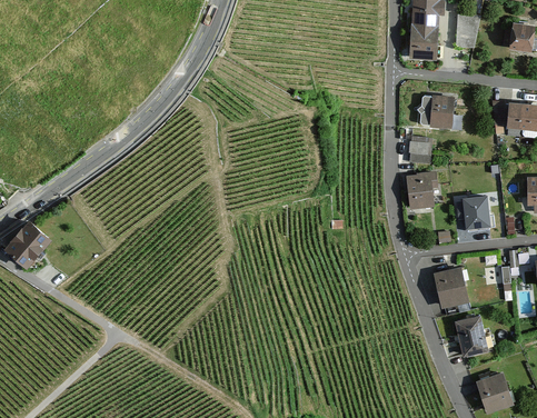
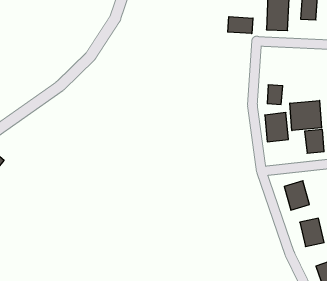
building: none -> [228,17,253,34]
building: [420,96,456,129] -> none
building: none -> [290,100,321,131]

